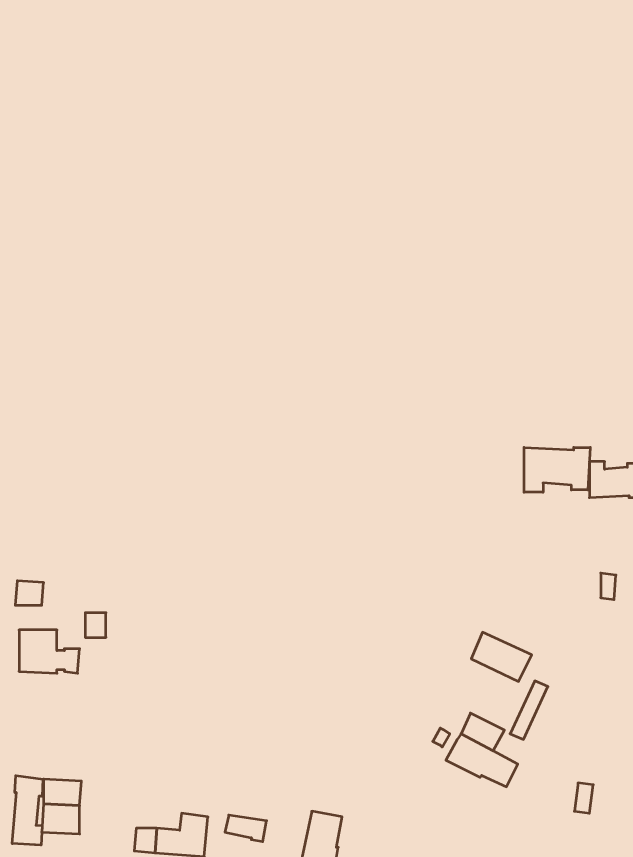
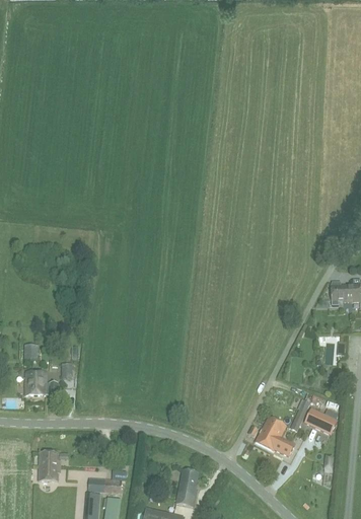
building: [524,447,590,492] -> none
building: [471,632,532,681] -> [304,407,337,434]
building: [12,776,43,845] -> none

